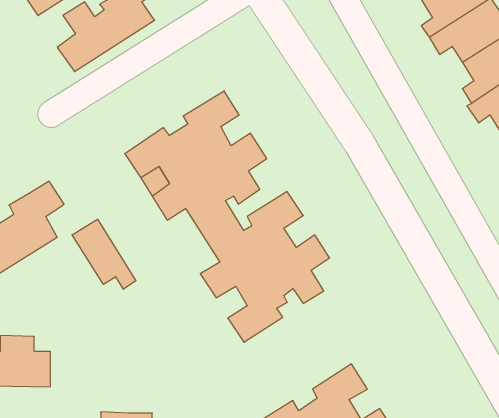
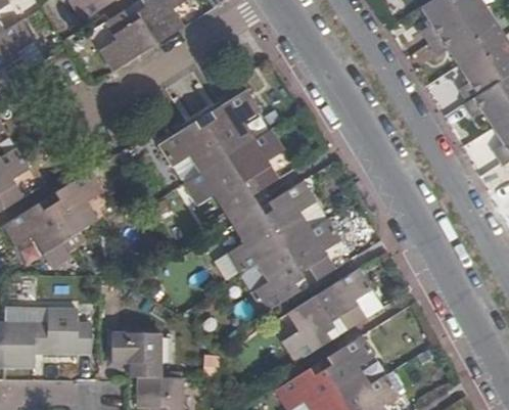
building: [72,219,136,289] -> none
building: none -> [279,267,373,362]
building: none -> [109,331,160,377]

